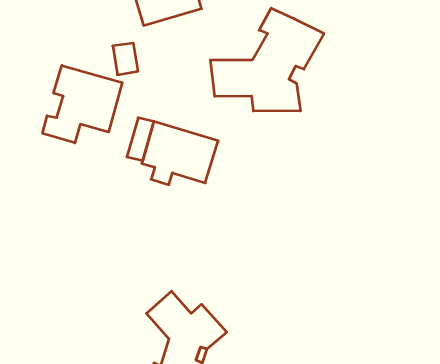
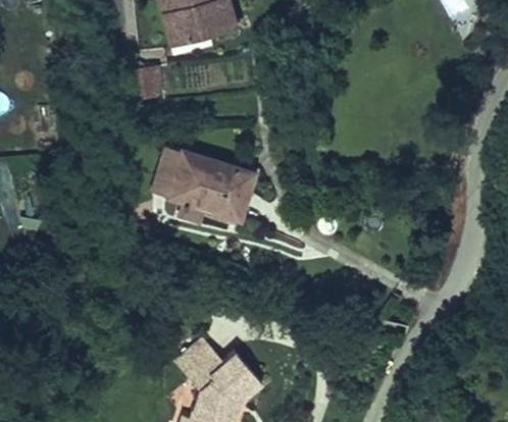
building: [210,8,324,111] -> none
building: [43,65,122,143] -> none

